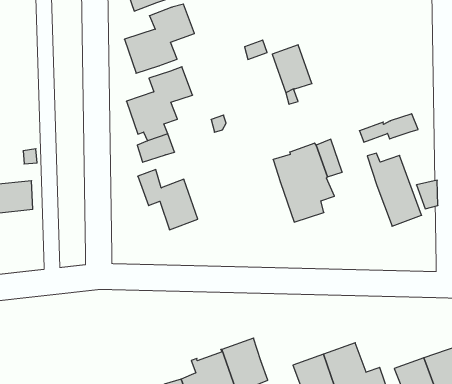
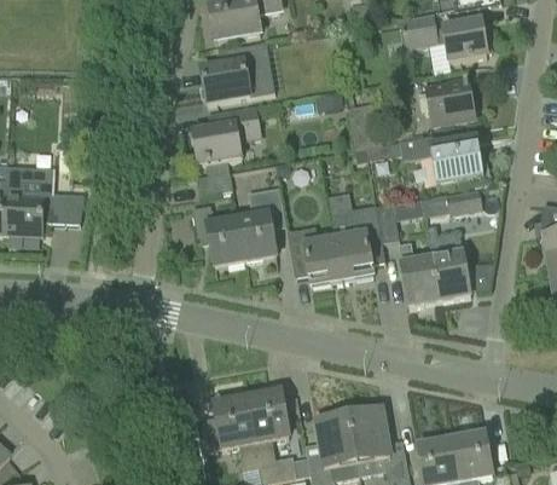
building: none -> [428,82,474,125]
building: none -> [383,132,485,184]
building: none -> [238,186,286,260]
building: none -> [288,225,342,285]
building: none -> [399,242,440,305]

